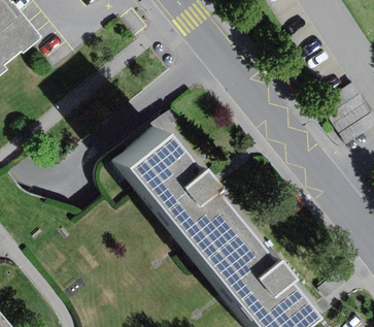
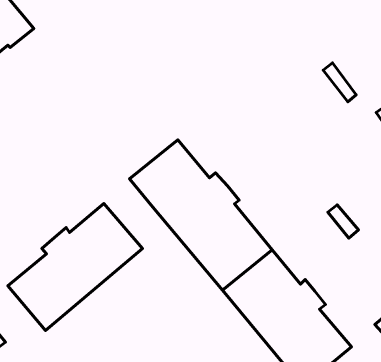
building: none -> [8,204,143,330]

